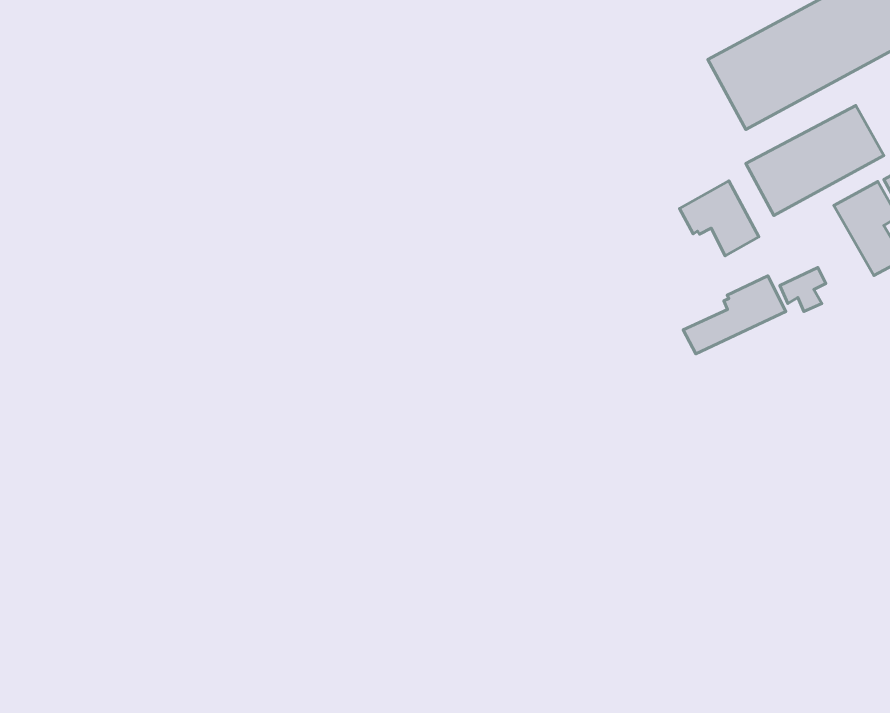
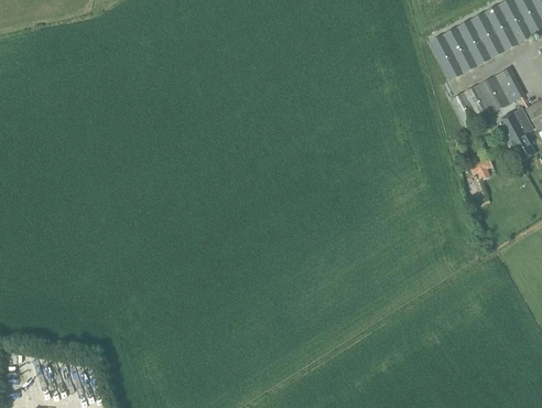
building: [679,181,759,256] -> none
building: [683,276,786,354] -> none

